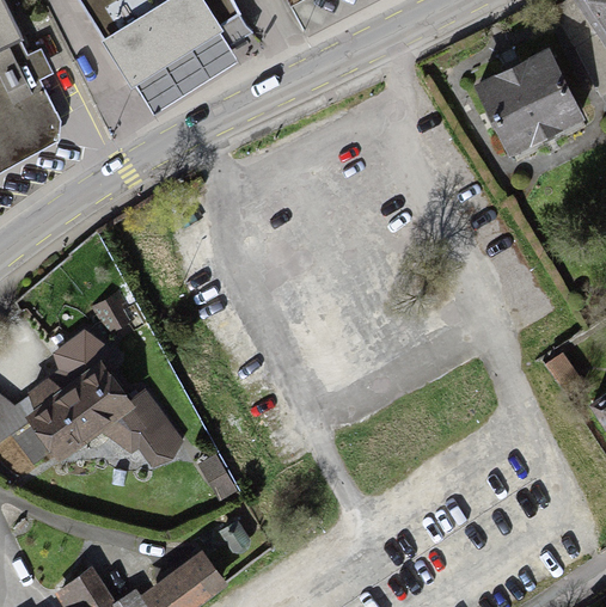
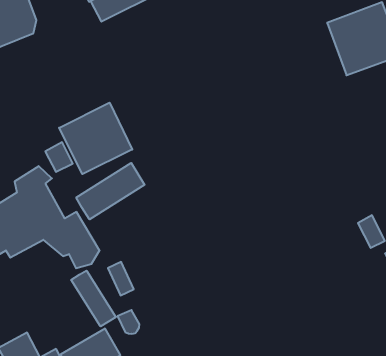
building: none -> [59,103,132,174]
building: none -> [76,163,145,219]
building: none -> [71,271,116,326]

